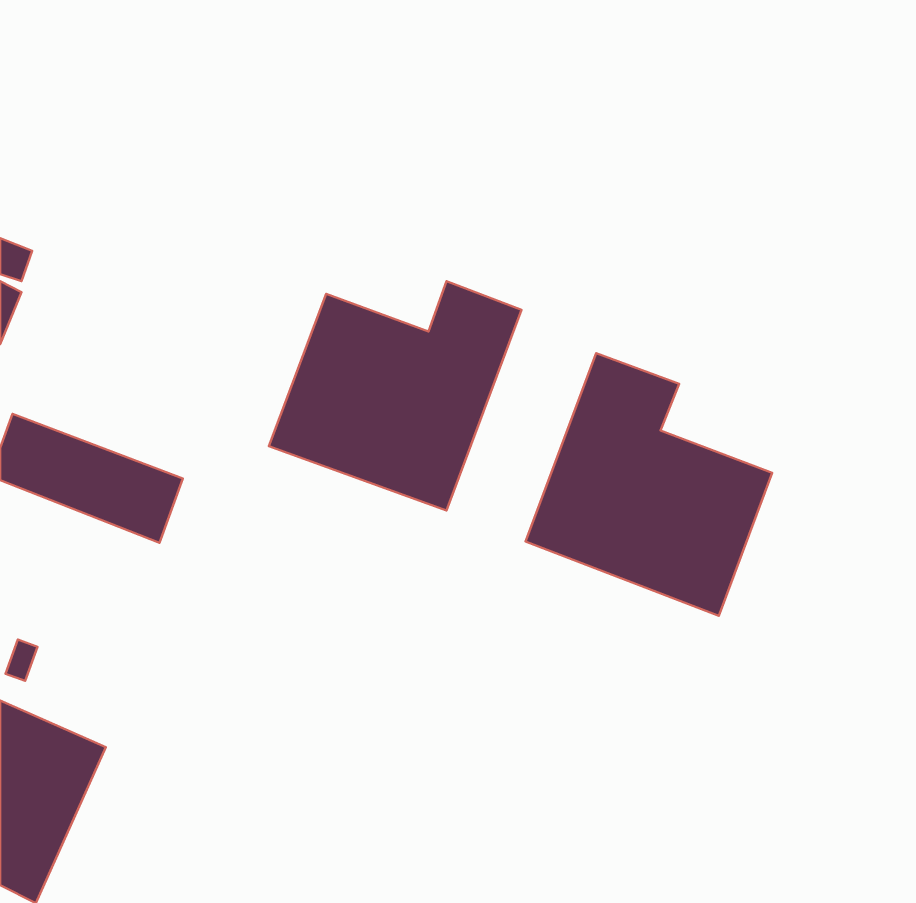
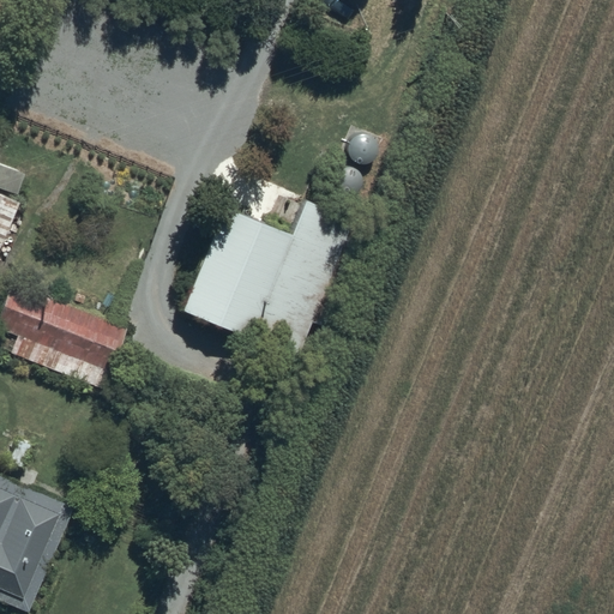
building: [526,353,772,616] -> none

